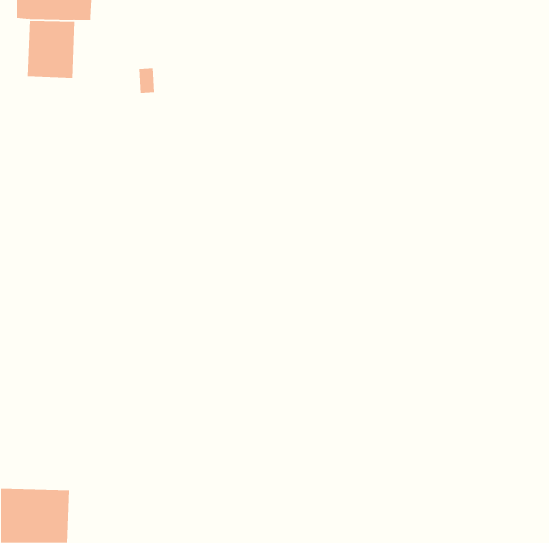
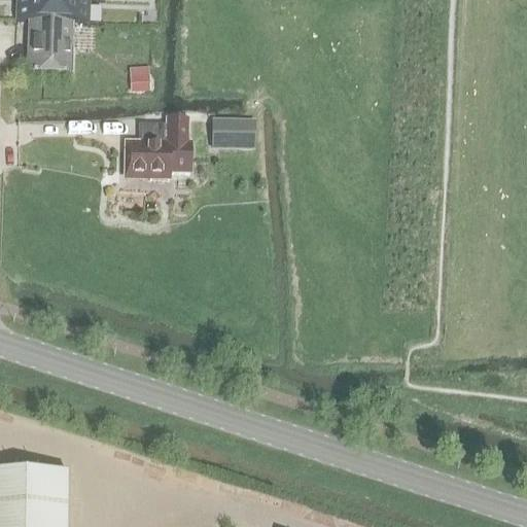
building: none -> [129,115,189,176]
building: none -> [211,116,254,146]

